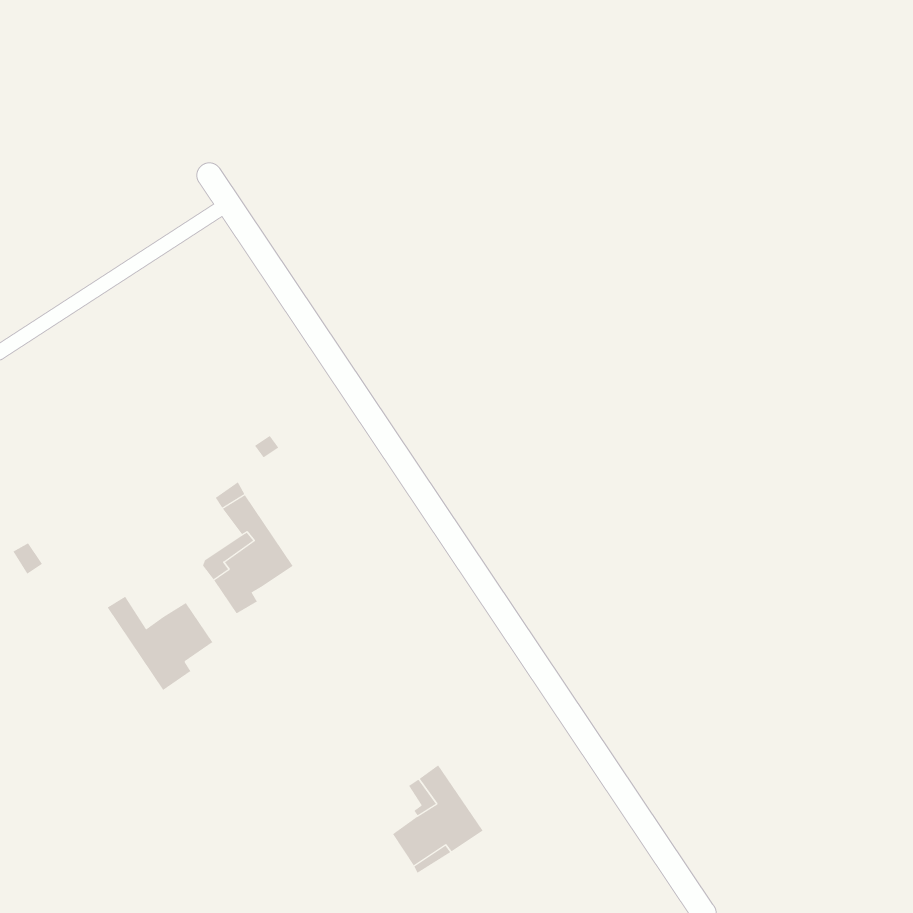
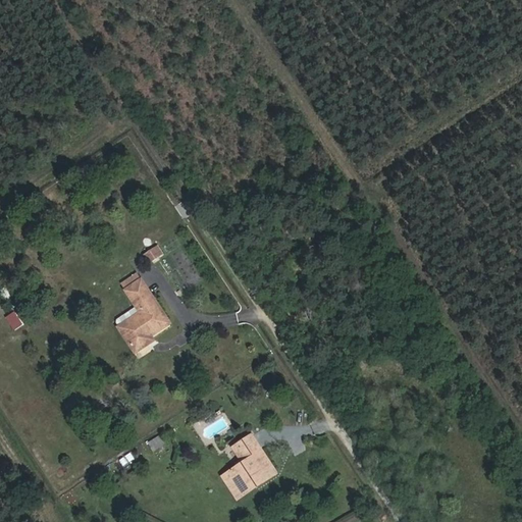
building: [107,596,213,691] -> none

